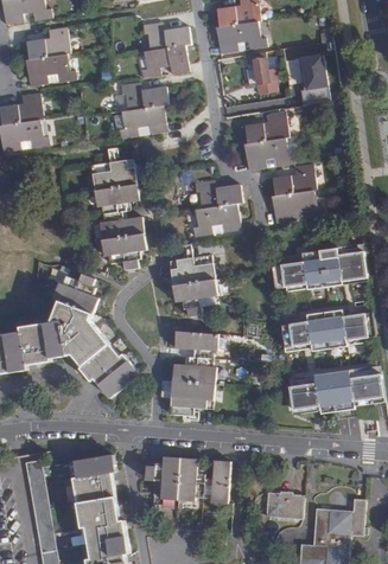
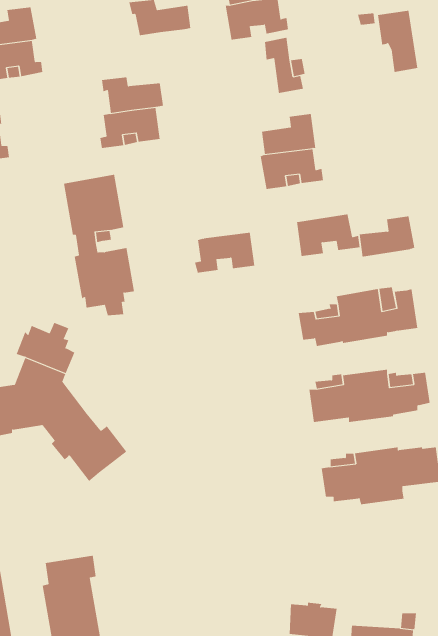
building: [140,45,187,78] -> none
building: [298,55,330,103] -> [377,10,418,73]
building: [271,162,314,194] -> [359,216,415,257]
building: [192,179,241,207] -> none
building: [168,255,216,315] -> none
building: [160,329,216,414] -> none
building: [145,456,229,502] -> none

